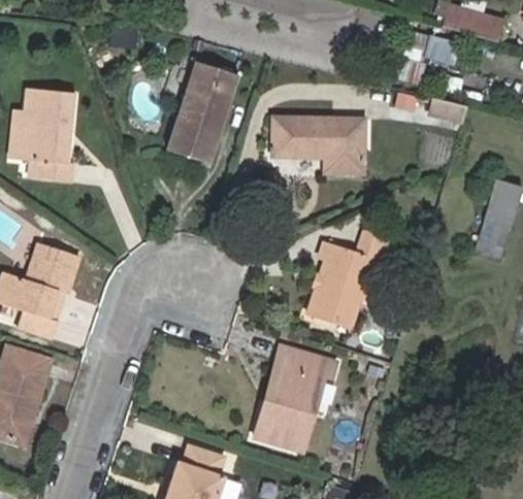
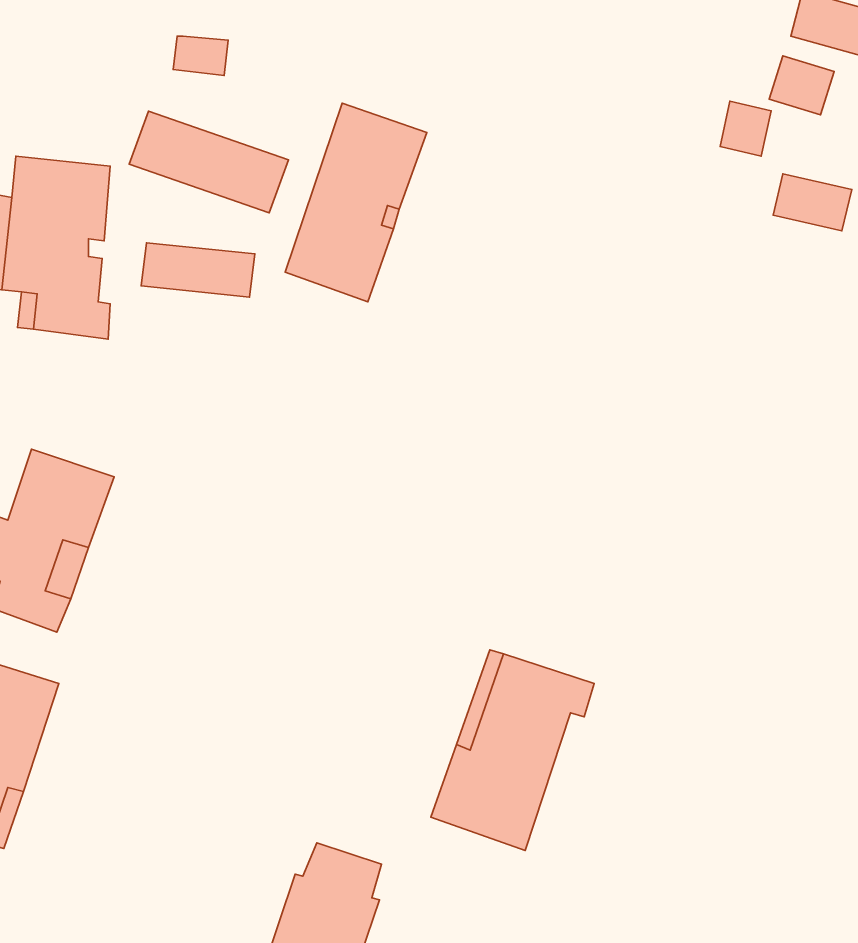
building: none -> [129,111,289,213]
building: [269,123,361,179] -> none
building: none -> [141,243,255,297]
building: [304,232,389,329] -> none

